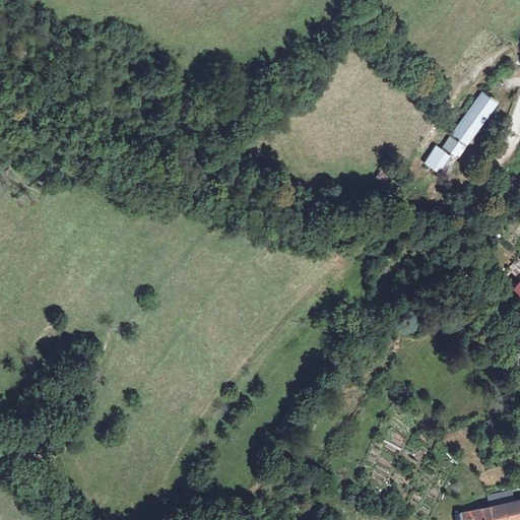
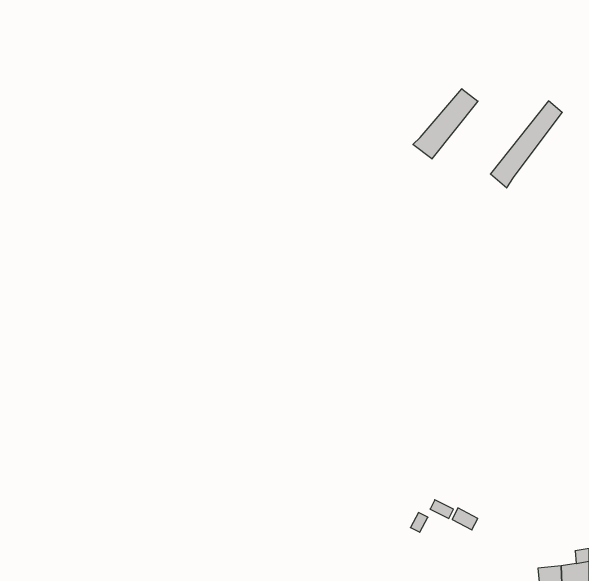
building: none -> [413,89,478,159]

